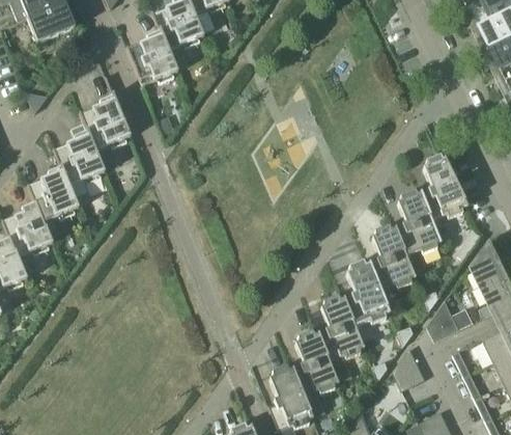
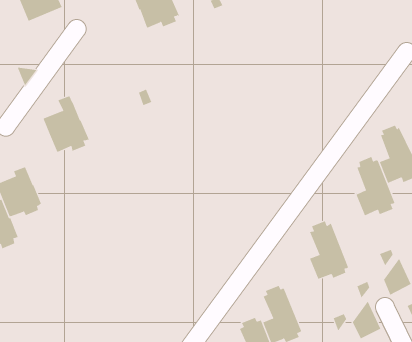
building: [127,29,178,85] -> none
building: [80,93,131,149] -> none
building: [28,165,80,220] -> none
building: [370,224,416,311] -> none
building: [318,295,364,382] -> none

